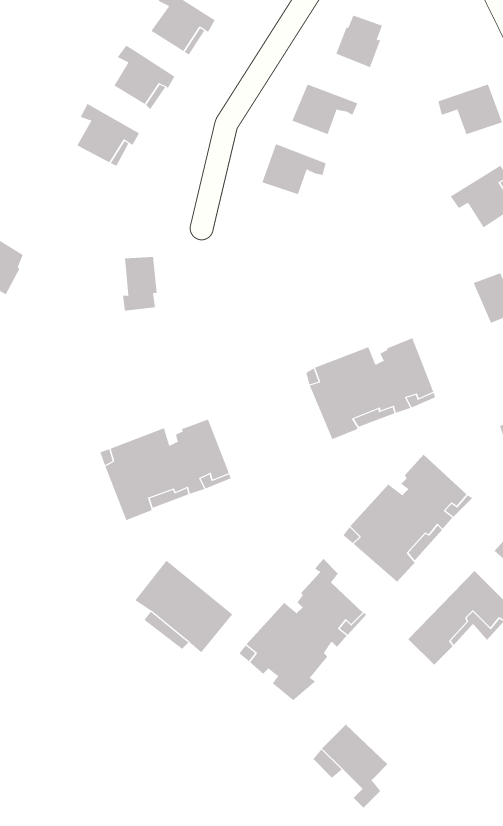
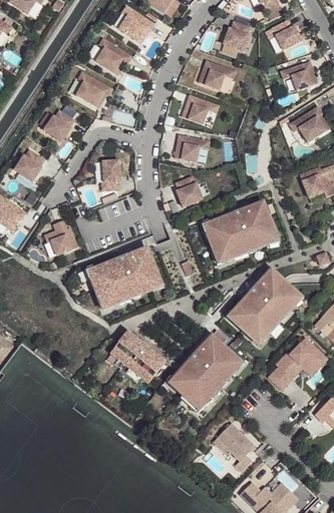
building: none -> [272,19,303,50]
building: none -> [43,109,74,141]
building: none -> [174,134,209,160]
building: none -> [176,175,203,206]
building: none -> [43,219,77,254]

